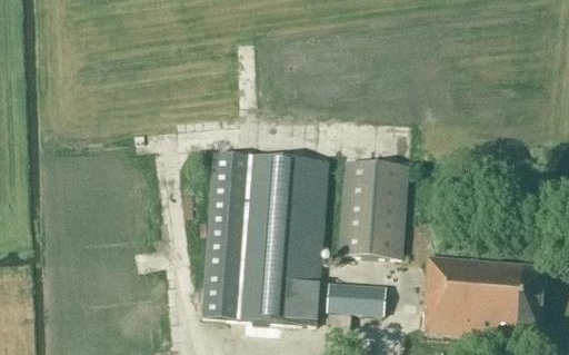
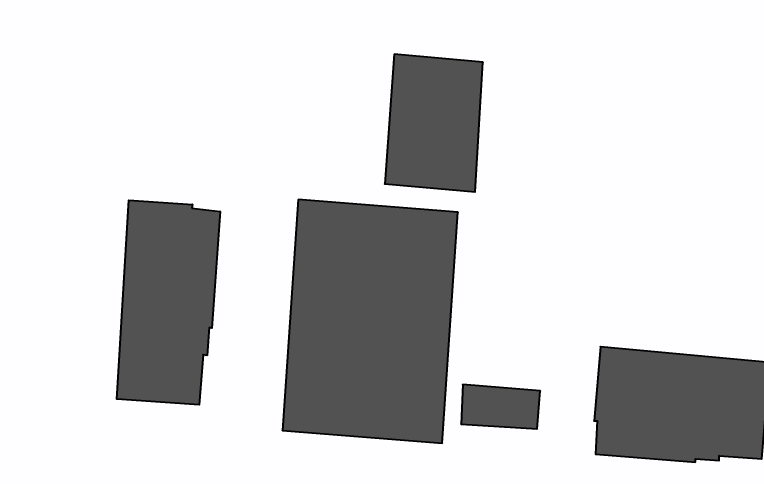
building: none -> [117,200,220,405]
building: [338,160,407,257] -> [385,54,483,192]

